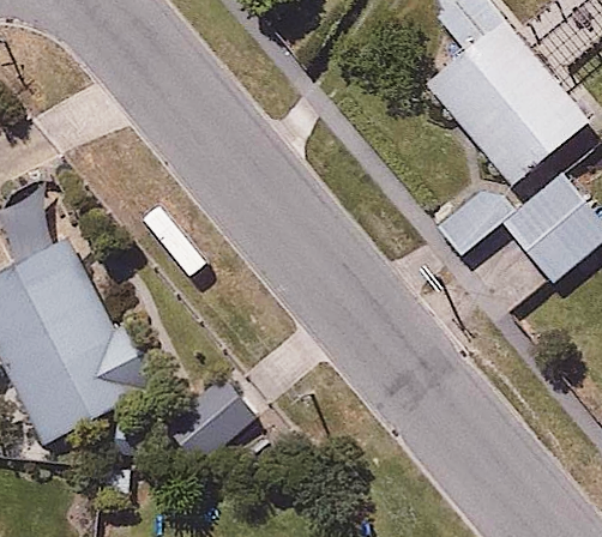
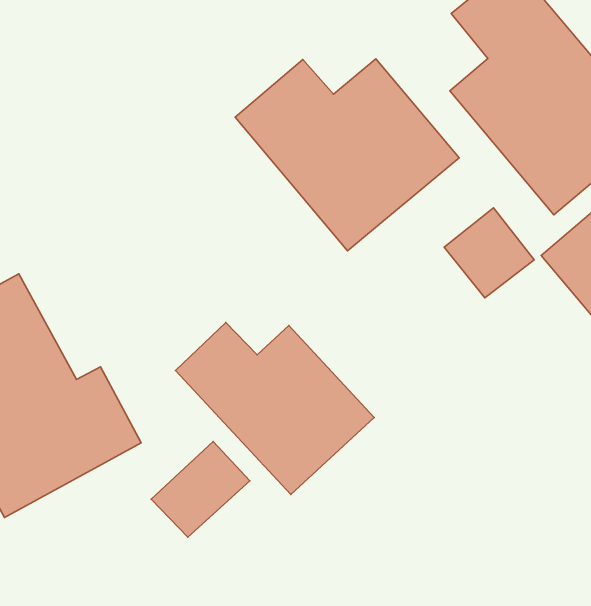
building: none -> [235,59,459,251]
building: none -> [175,322,374,494]

